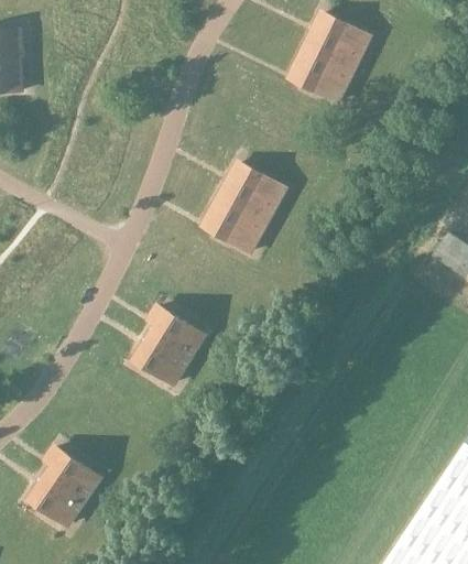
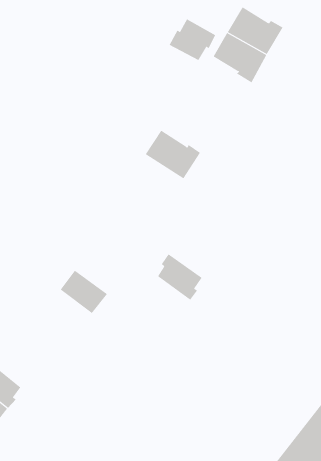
building: none -> [169,18,216,61]
building: [205,195,268,253] -> none
building: [149,307,202,360] -> [157,253,203,301]

